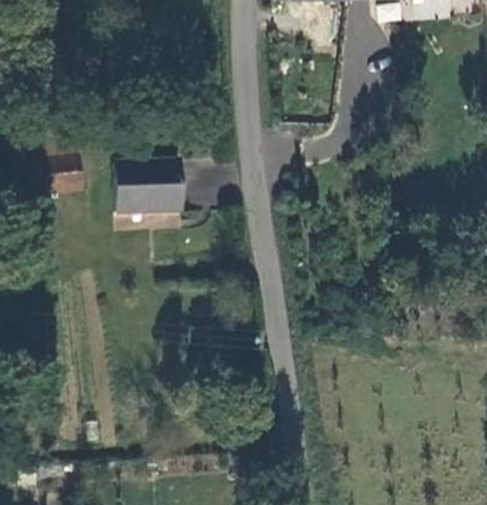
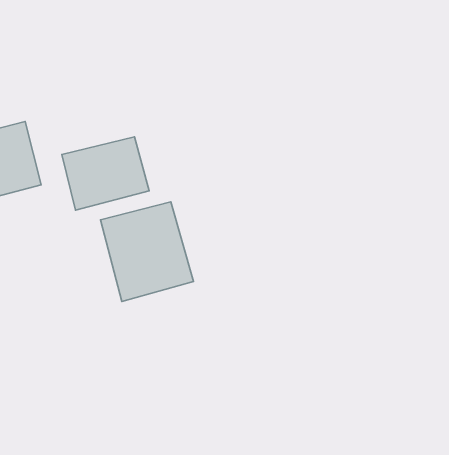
building: none -> [100,202,193,302]

